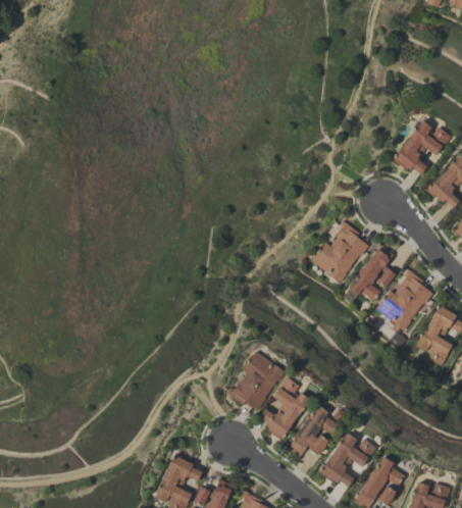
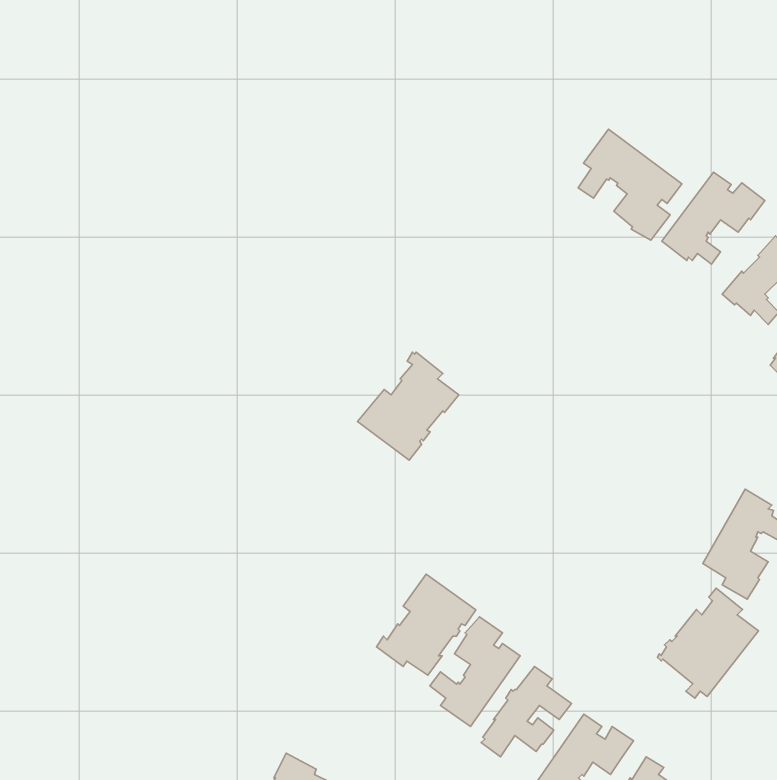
building: none -> [578,129,682,240]
building: [311,221,369,284] -> [358,352,459,460]
building: [351,245,396,301] -> none
building: [375,269,433,333] -> [658,588,759,698]

